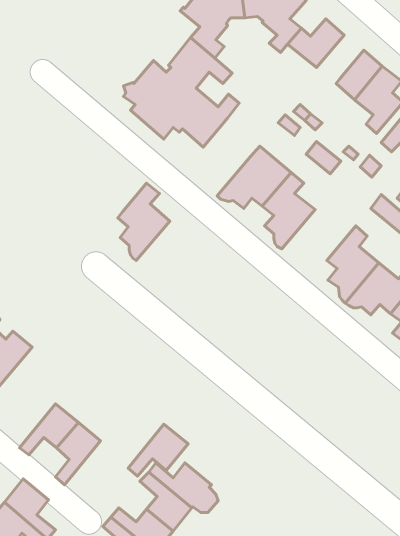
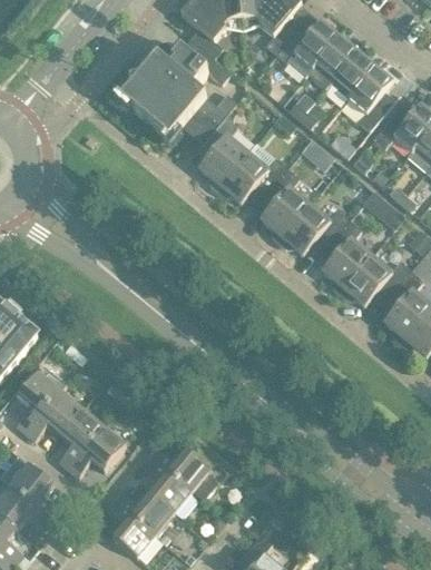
building: none -> [312,35,357,77]
building: [118,183,170,261] -> [198,115,248,189]
building: none -> [278,203,350,253]
building: none -> [17,371,60,432]
building: [128,424,188,476] -> [69,425,127,475]

